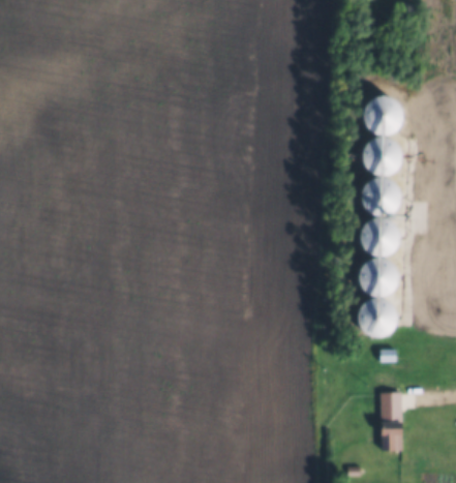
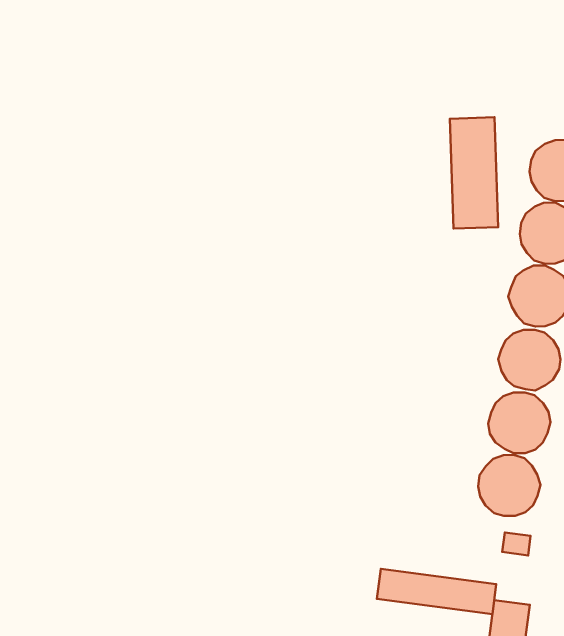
building: none -> [450,117,498,229]
building: none -> [377,569,496,614]

